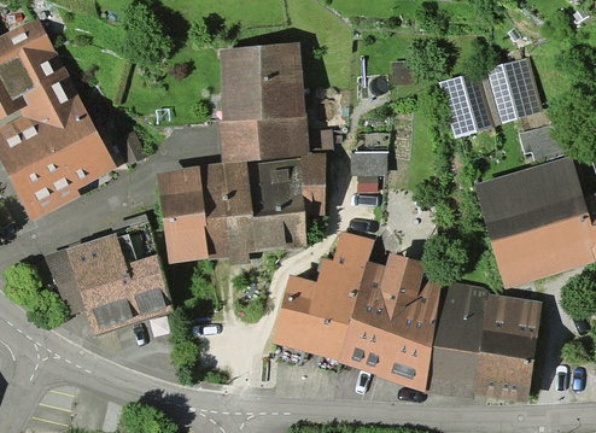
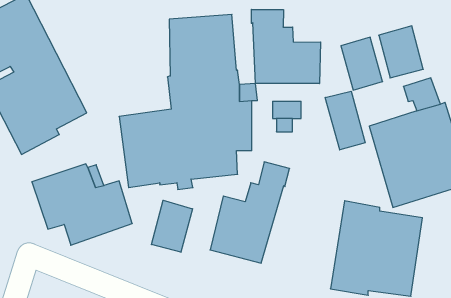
building: none -> [251,9,321,84]
building: none -> [325,91,365,150]
building: [337,252,443,392] -> none
building: none -> [151,200,193,252]

